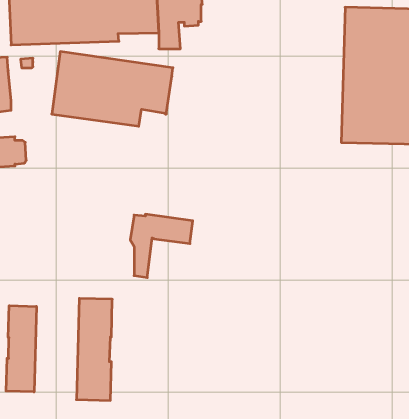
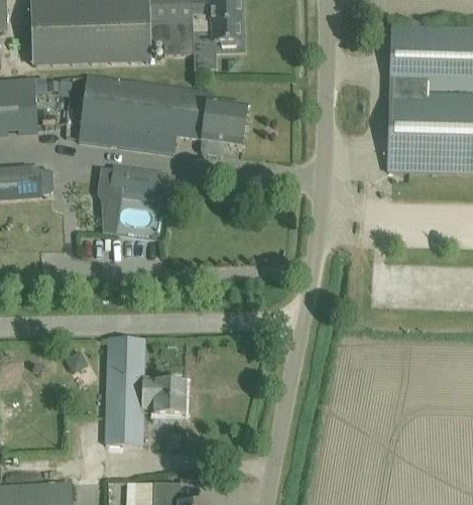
building: none -> [201,100,247,156]
building: [130,214,193,278] -> [97,165,163,233]
building: [6,306,36,392] -> none
building: none -> [141,378,185,414]

